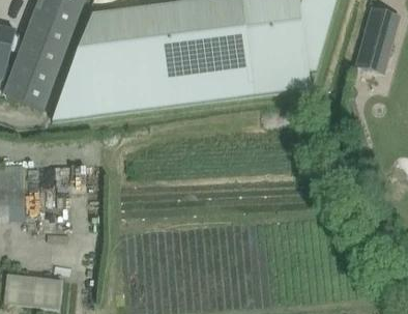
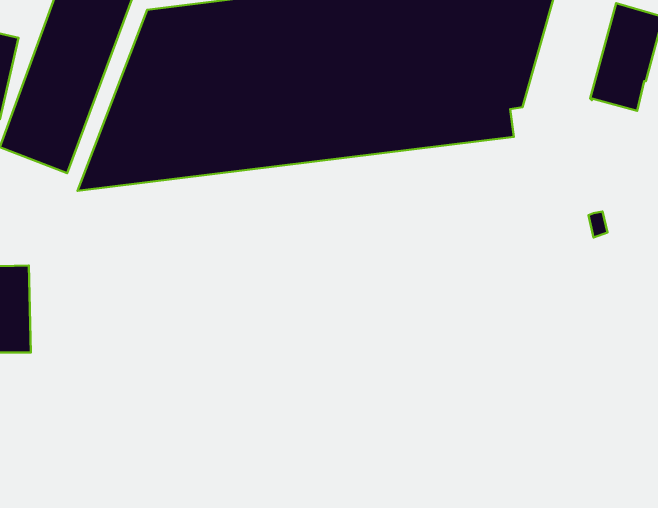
building: [11,274,67,304] -> none

